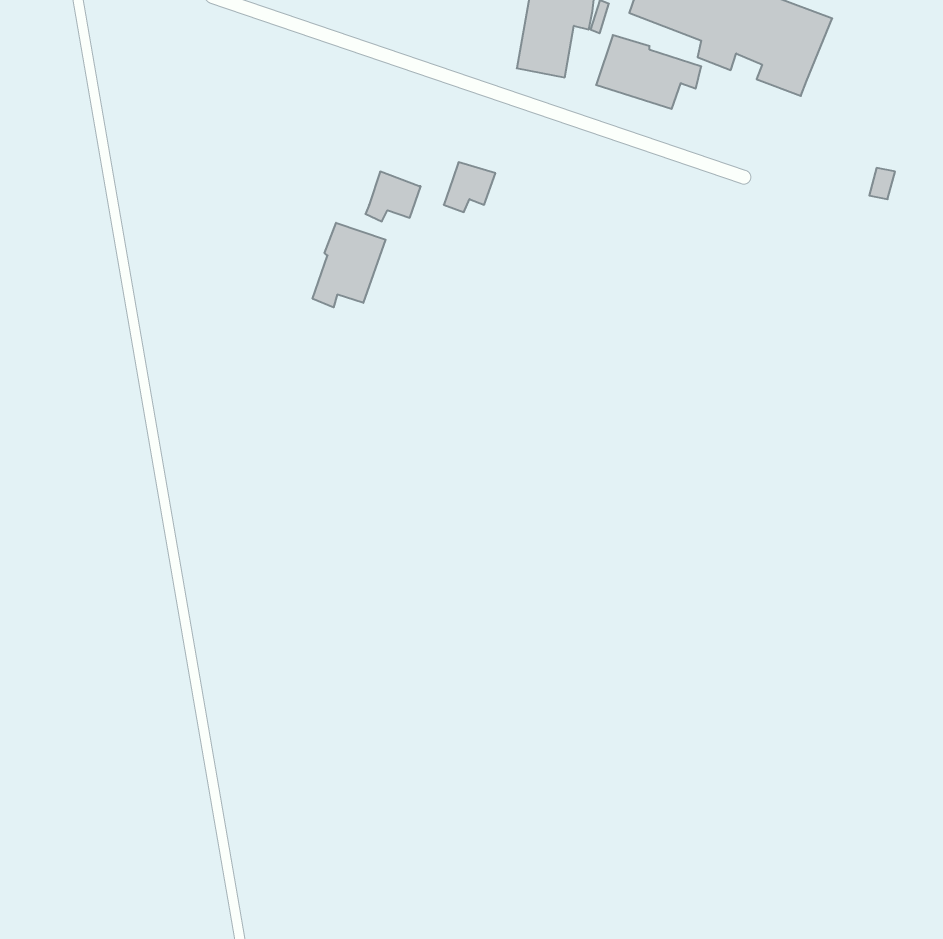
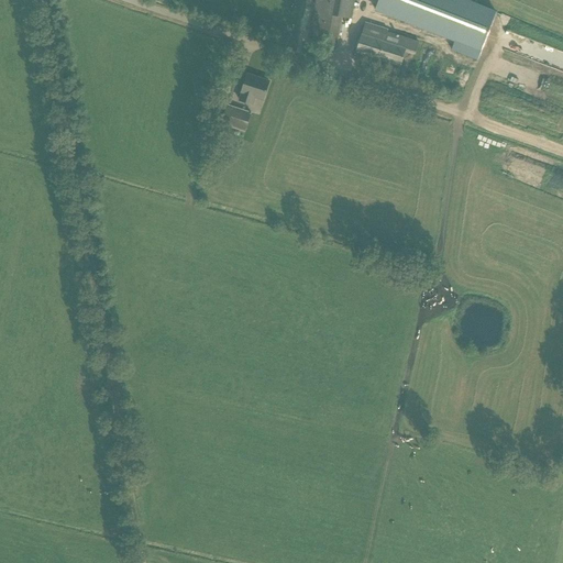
building: [444,162,495,212] -> [239,73,269,102]
building: [313,223,386,307] -> none

